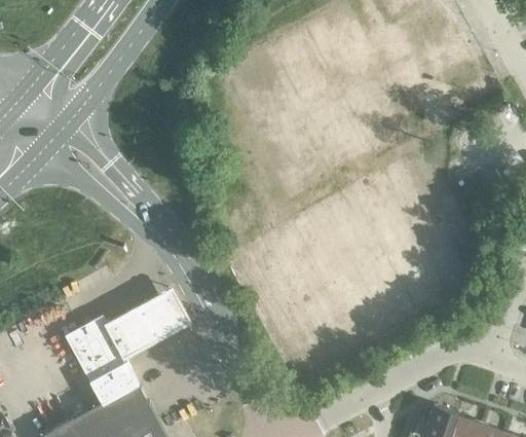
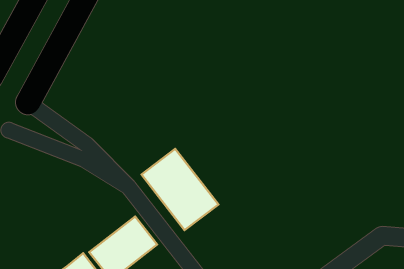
building: none -> [142,149,218,230]

